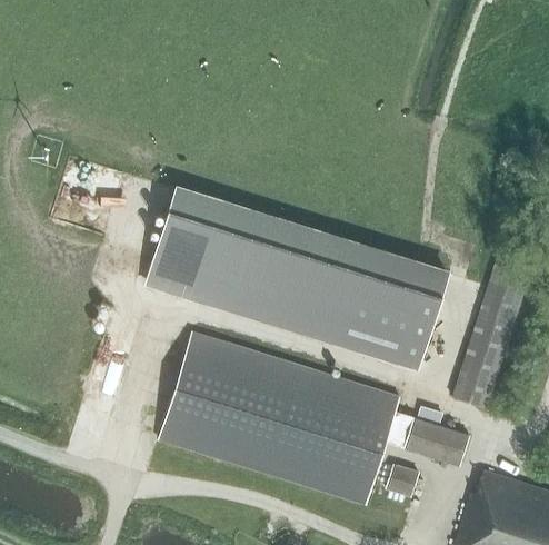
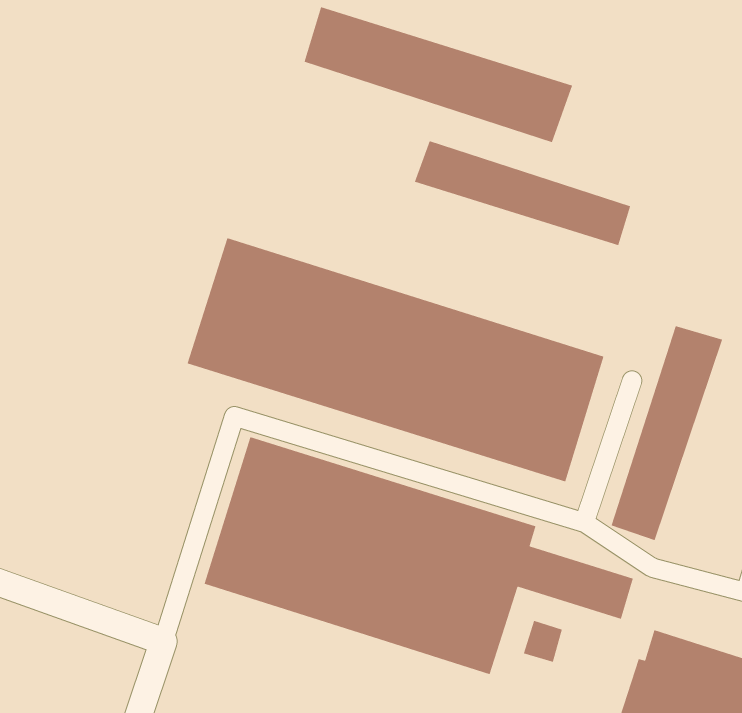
building: none -> [304,6,573,143]
building: none -> [414,140,631,246]

